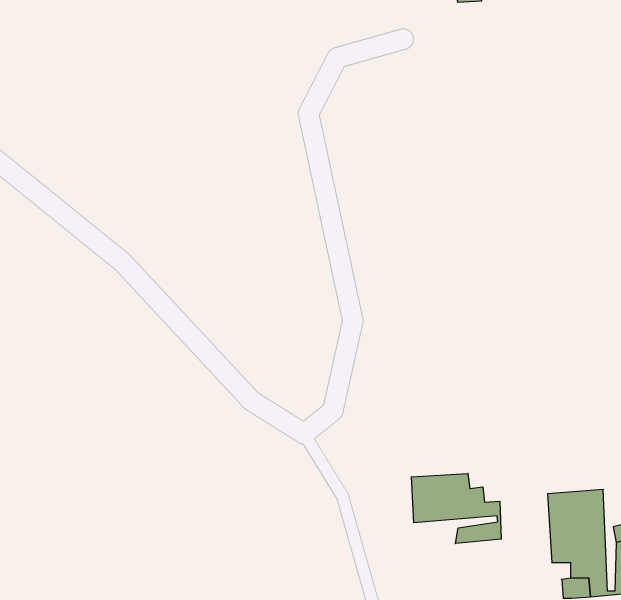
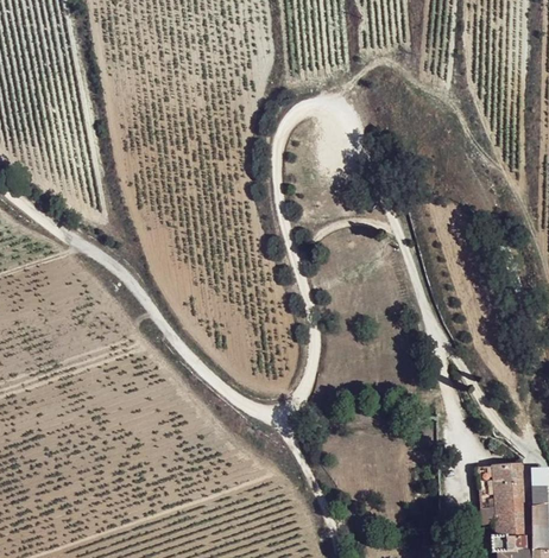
building: [411,473,501,544] -> none

